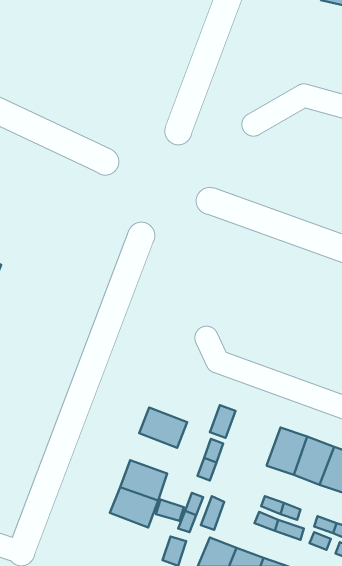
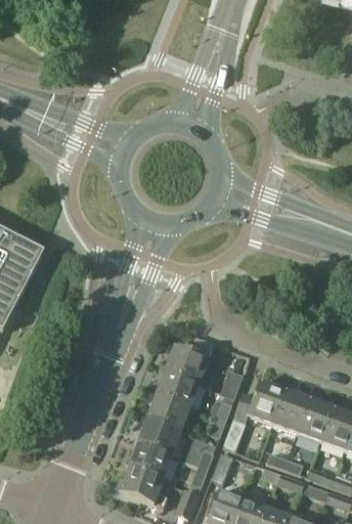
building: none -> [165,347,214,388]
building: none -> [224,381,284,450]
building: none -> [147,395,190,432]
building: none -> [120,468,169,509]

